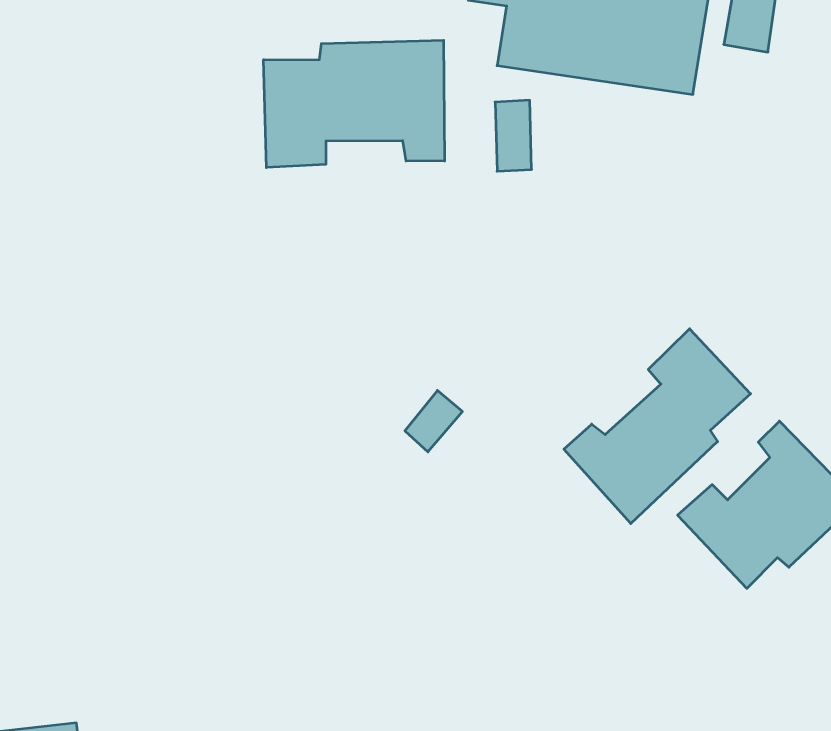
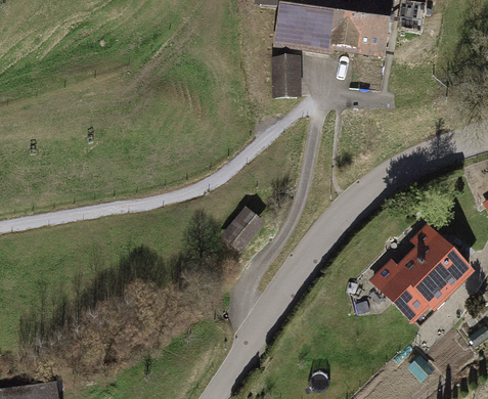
building: [264,40,445,168] -> none
building: [564,329,751,524] -> none

